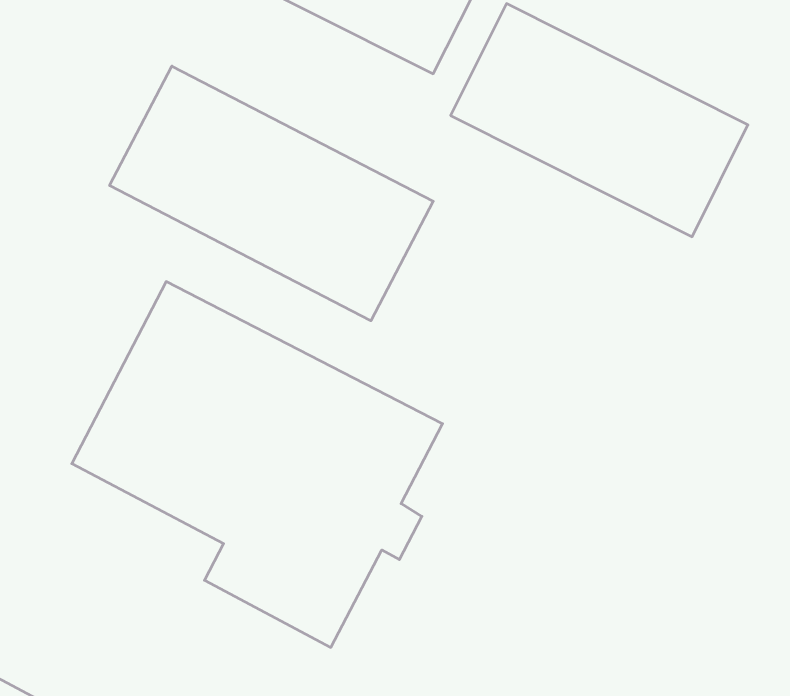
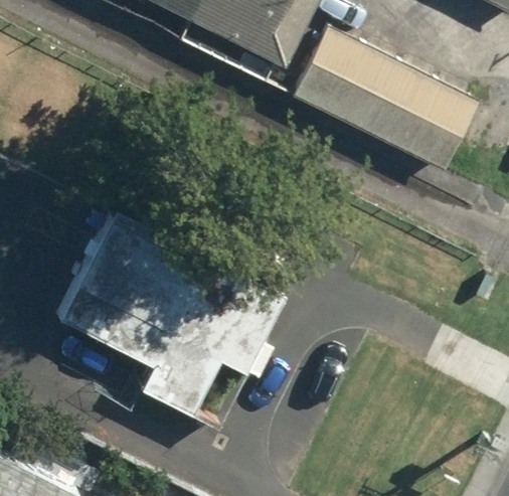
building: [110,66,433,321] -> none

